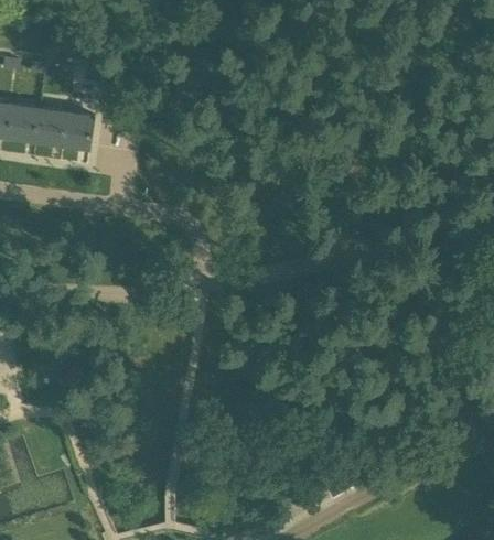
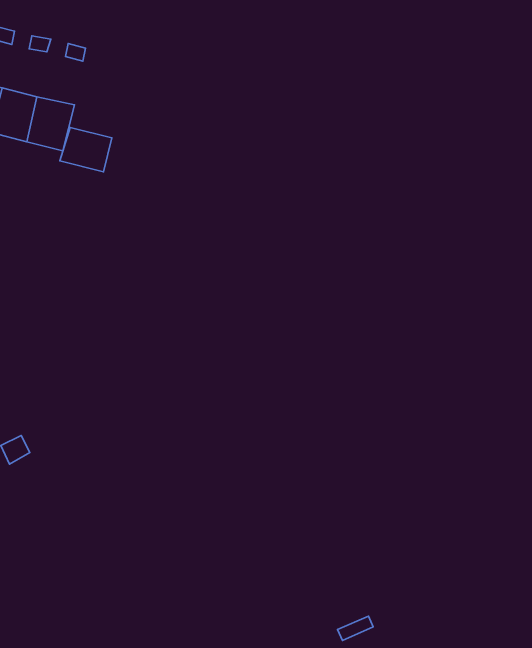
building: none -> [60,128,112,172]

